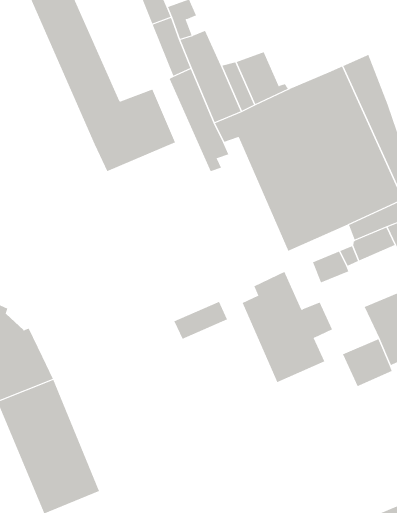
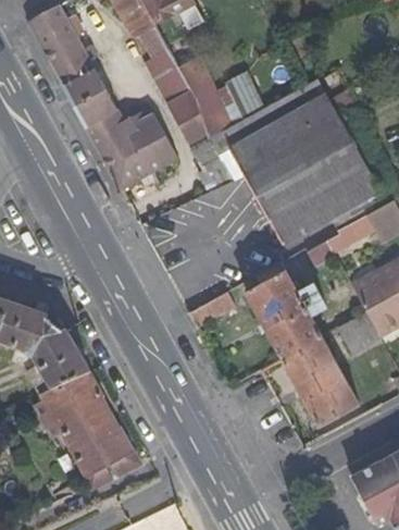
building: none -> [282,336,359,426]

